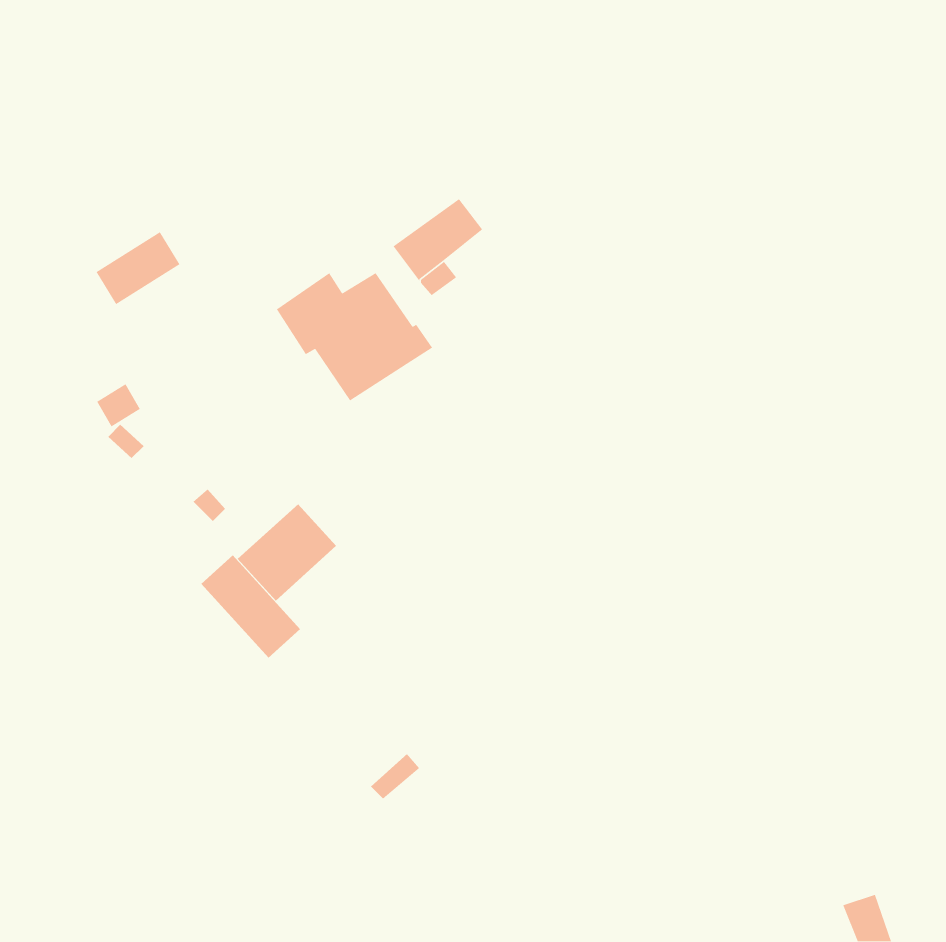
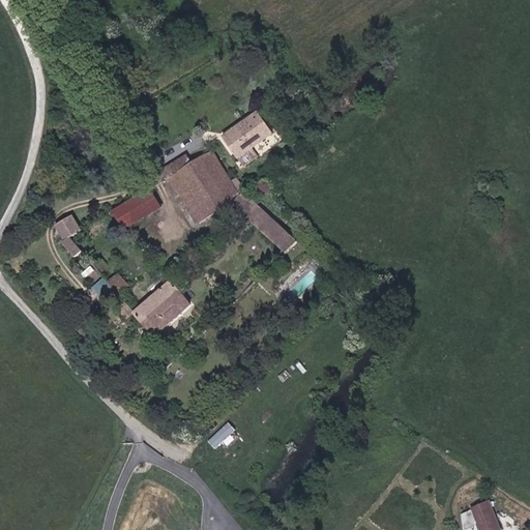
building: [95,231,181,305] -> [111,188,158,230]
building: none -> [228,195,296,254]
building: [200,554,301,659] -> none

